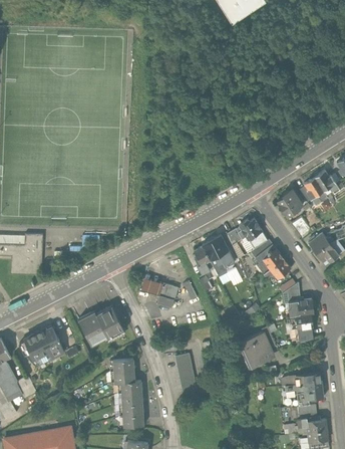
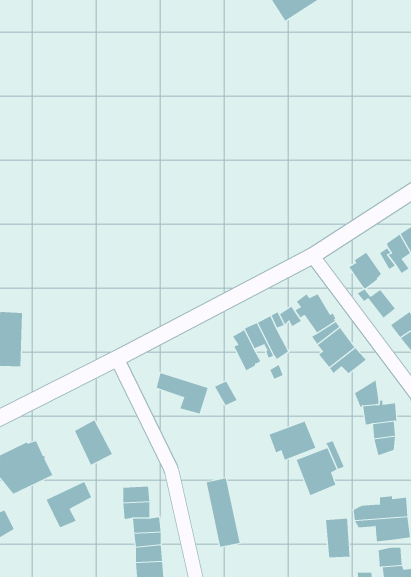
building: [95,306,124,340] -> none
building: none -> [269,421,316,460]
building: none -> [46,481,92,528]
building: none -> [325,518,350,558]

